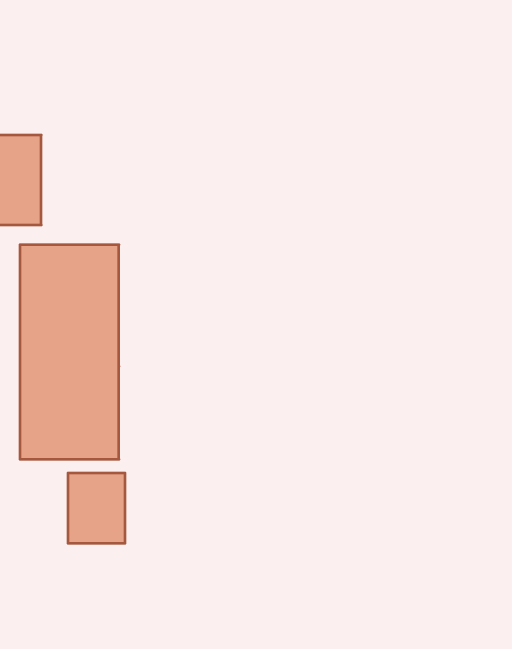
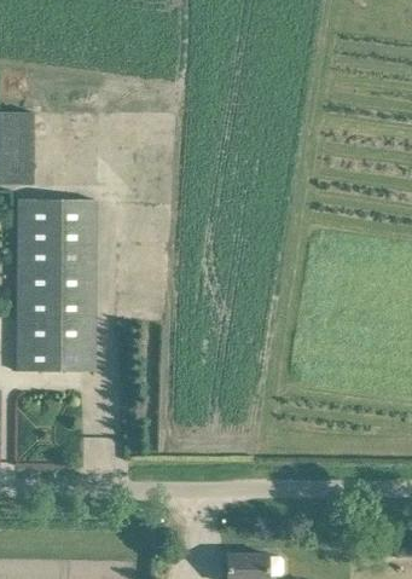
building: [68,473,125,543] -> none

